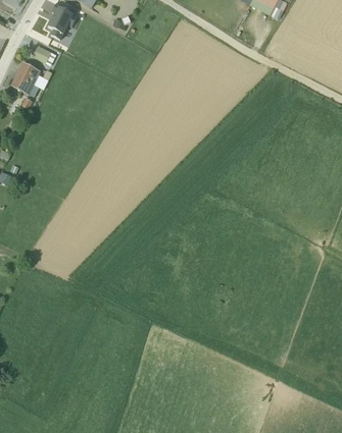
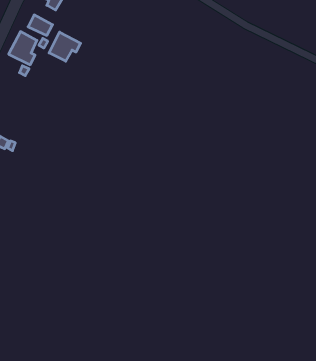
building: none -> [49,32,81,61]

